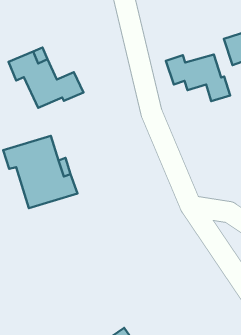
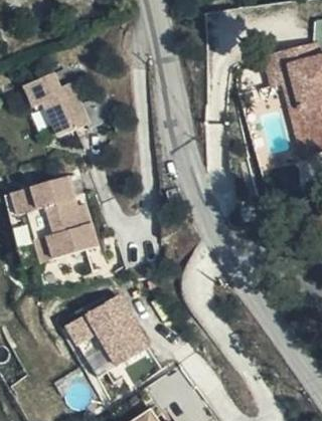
building: [166,55,230,101] -> none
building: none -> [59,300,141,372]

